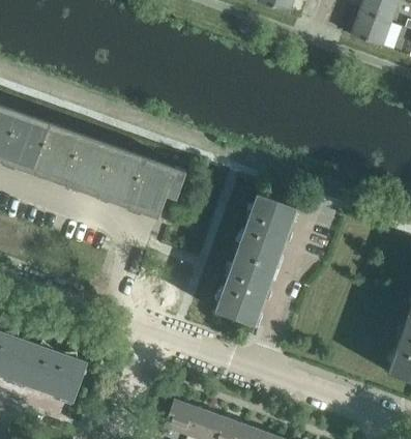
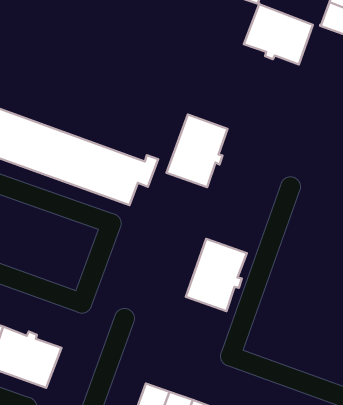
building: none -> [244,4,313,64]
building: [235,193,297,266] -> [167,115,228,187]

